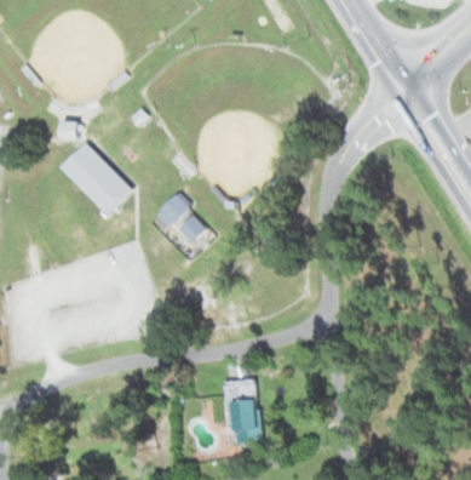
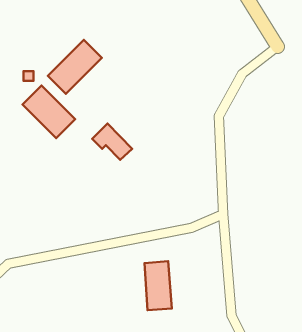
building: none -> [48,40,102,94]

